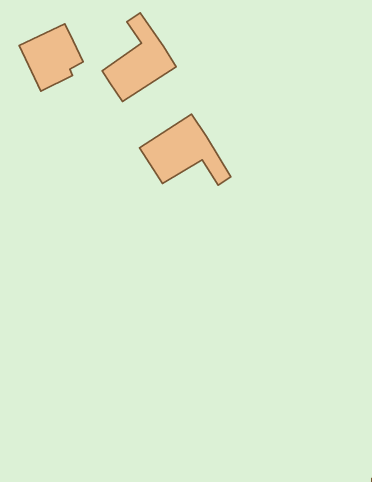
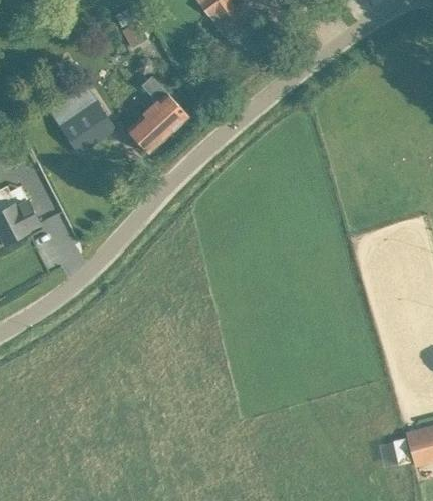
building: [140,114,231,185] -> none

